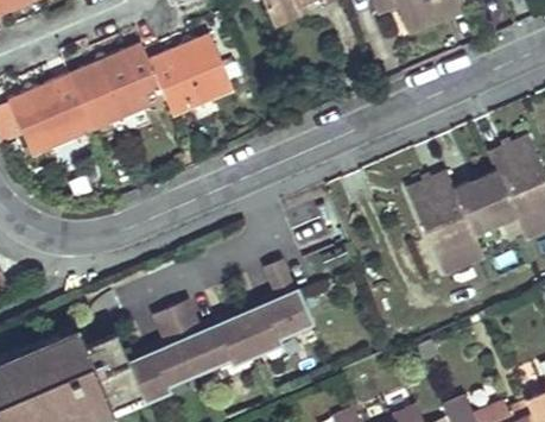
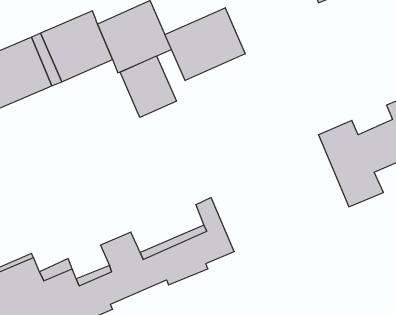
building: none -> [165,8,245,81]
building: none -> [120,56,176,117]

